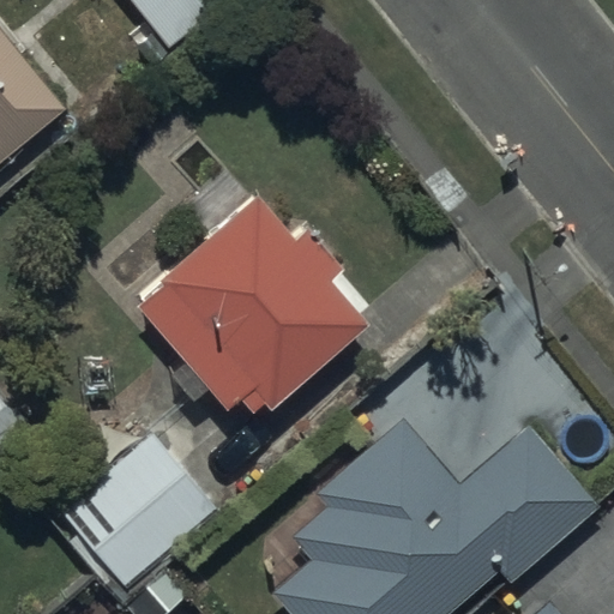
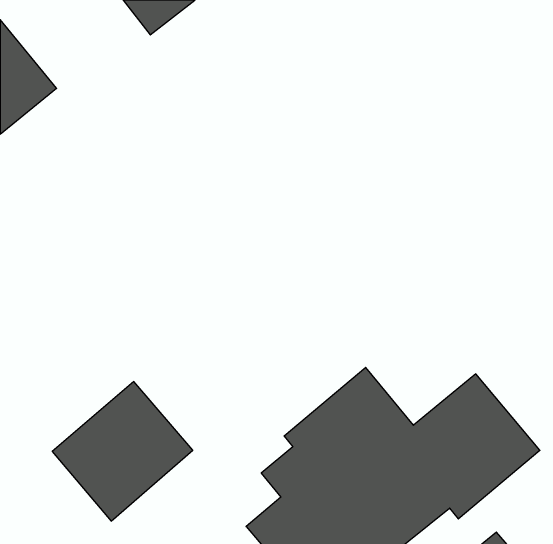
building: [132,195,363,410] -> none

